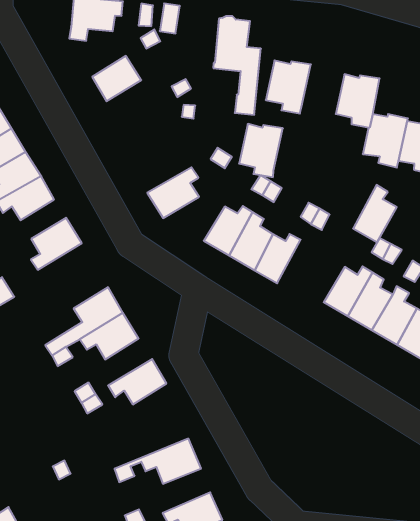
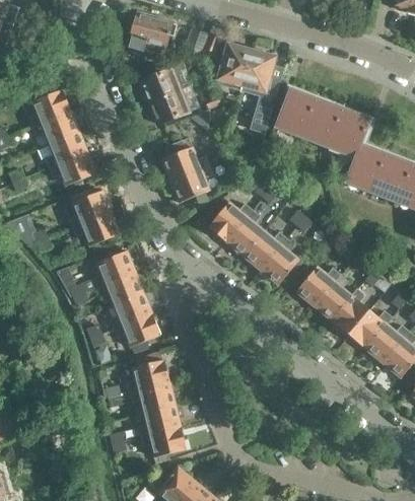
building: none -> [216,45,251,87]
building: none -> [150,90,196,124]
building: [239,124,283,177] -> [304,102,344,148]
building: none -> [162,140,209,181]
building: [353,185,397,242] -> [262,238,299,284]
building: none -> [73,212,120,245]
building: none -> [110,295,152,329]
building: none -> [106,360,170,396]
building: none -> [138,407,181,437]

